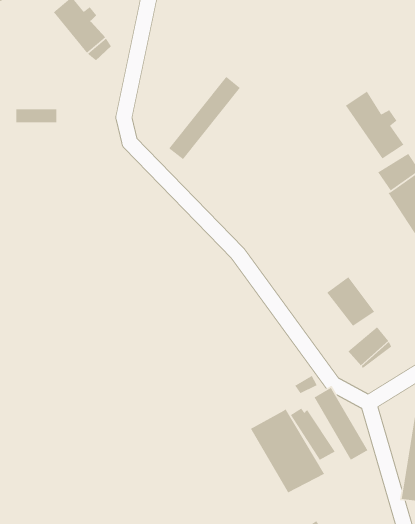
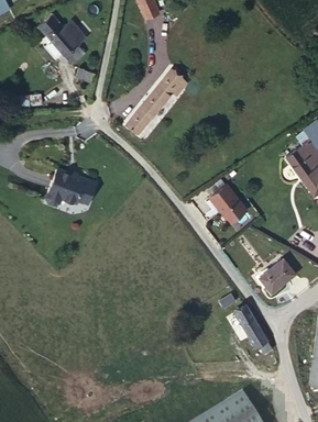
building: [345,91,405,160] -> none
building: none -> [43,168,94,206]
building: [326,276,375,327] -> [213,184,250,221]
building: [250,408,325,493] -> none

